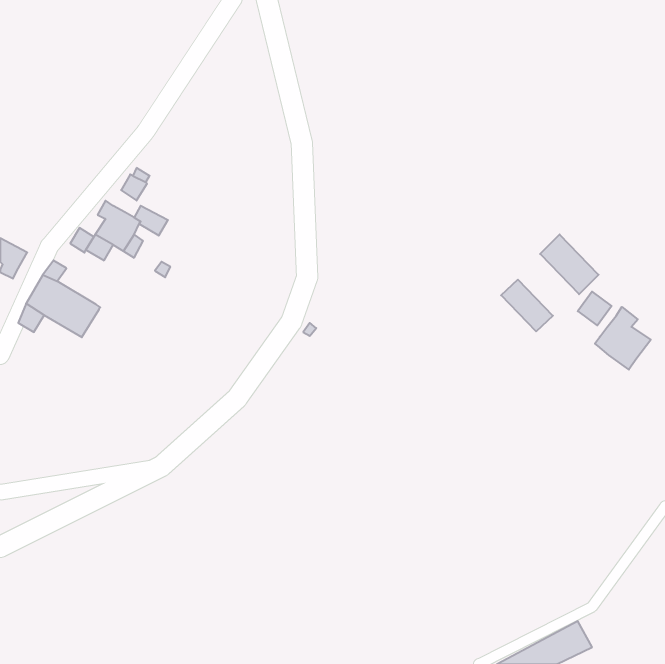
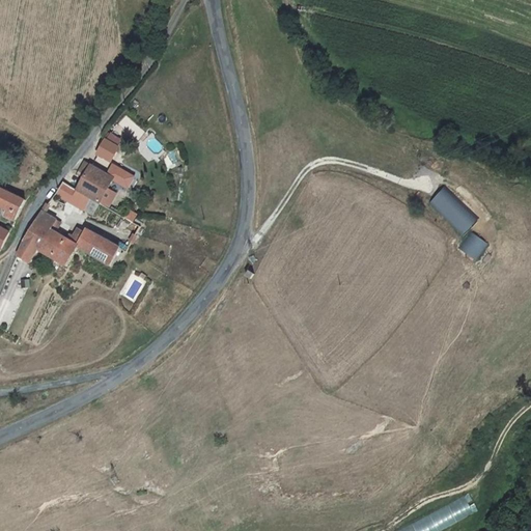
building: [501,280,553,331] -> none
building: none -> [77,229,119,263]
building: [595,307,651,370] -> none

